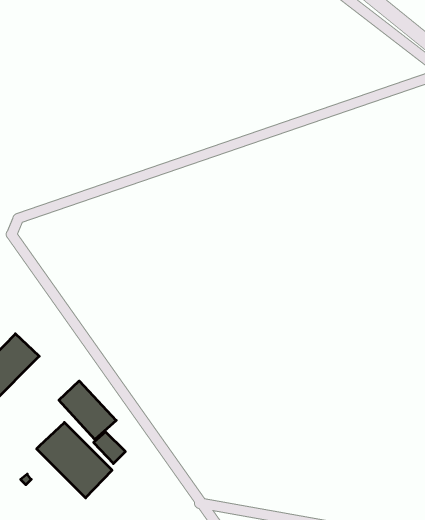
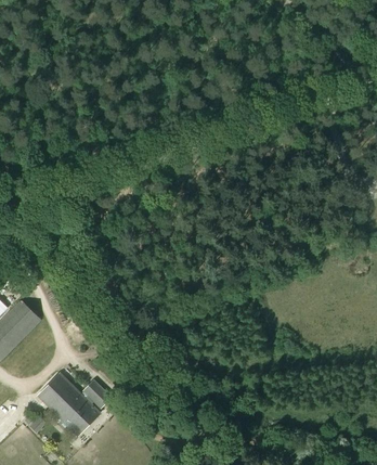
building: [59,381,116,440] -> none

